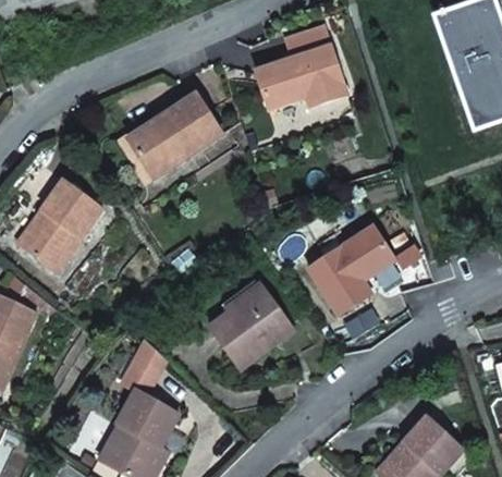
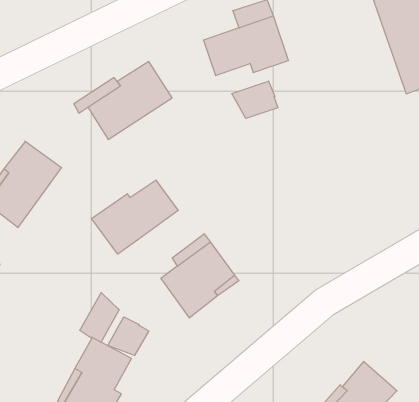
building: none -> [232,81,278,118]
building: none -> [91,180,178,254]
building: [309,225,395,314] -> none
building: none -> [108,317,149,356]

